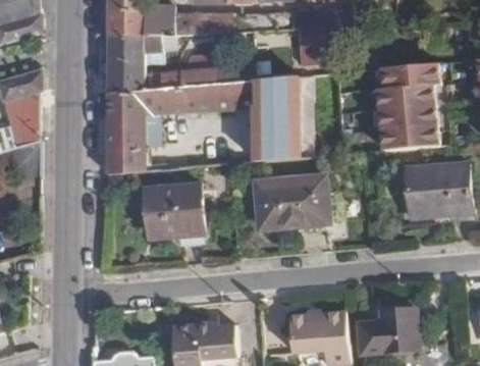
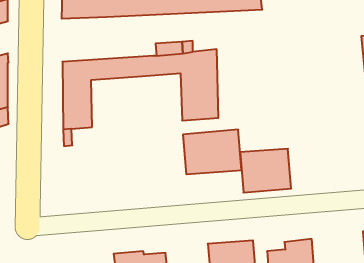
building: [106,35,219,90] -> none
building: [381,64,431,152] -> none
building: [408,162,471,216] -> [240,149,291,193]
building: [145,184,205,238] -> none

